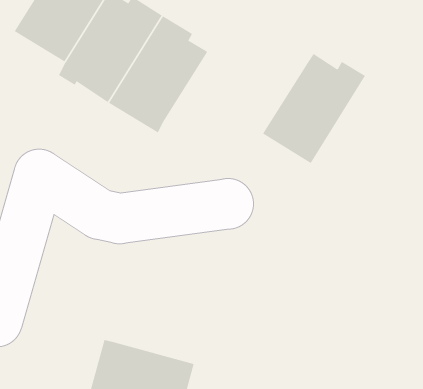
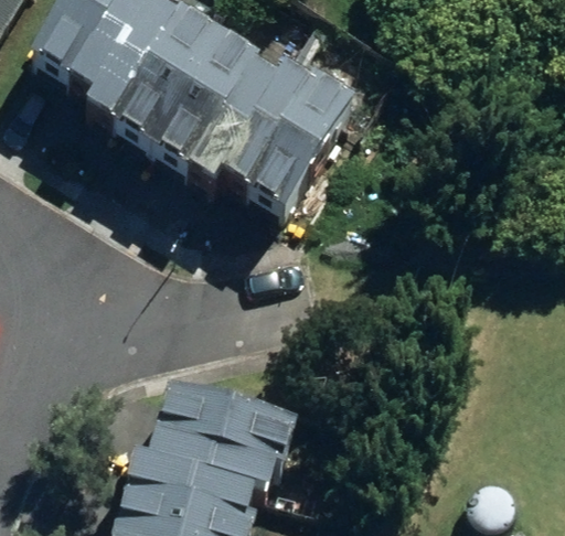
building: [262,53,366,164] -> [216,78,349,219]
building: none -> [154,389,298,492]

